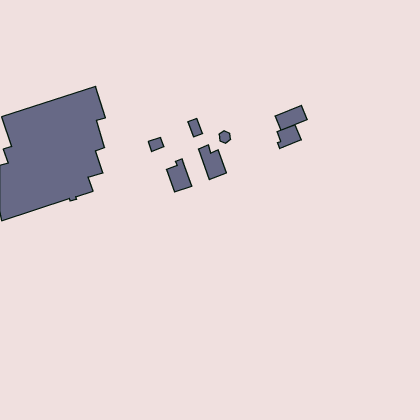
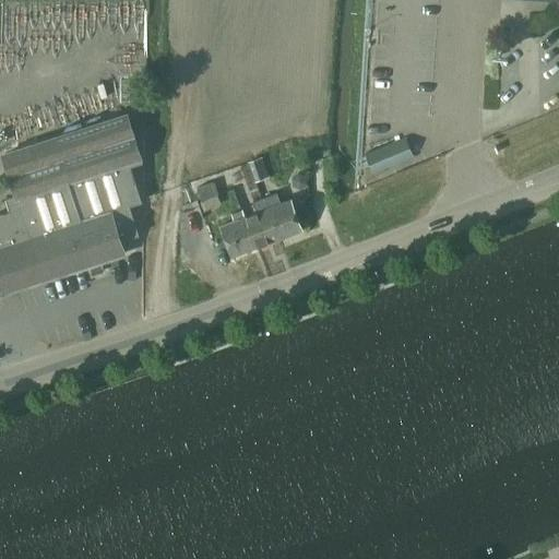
building: [277,125,301,149] -> none
building: none -> [243,199,277,248]

